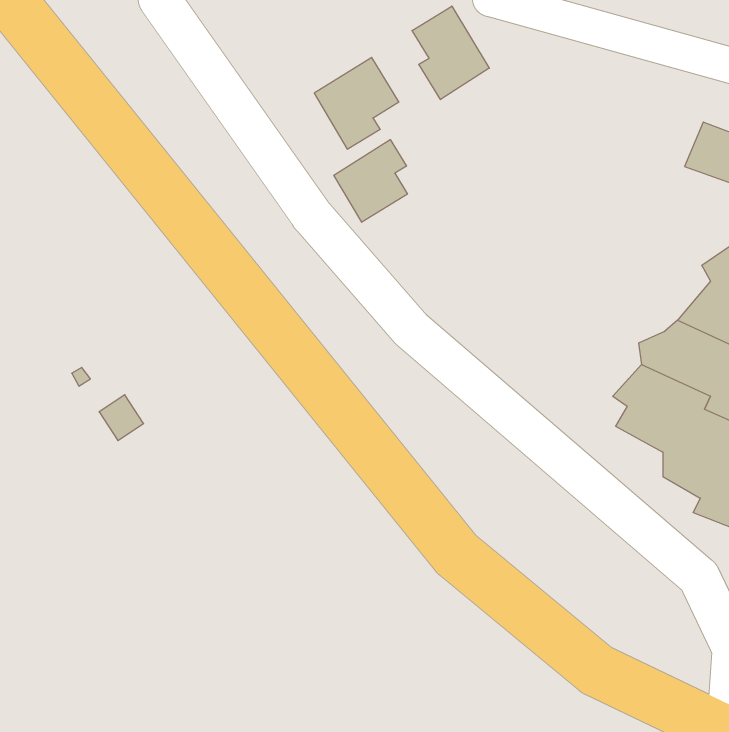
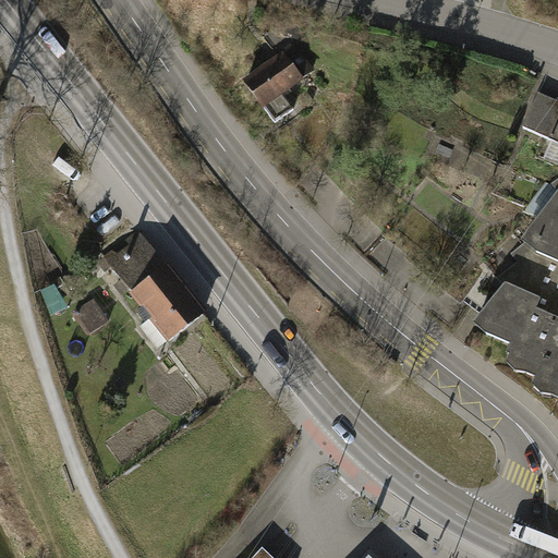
building: [412,6,489,100] -> none
building: [334,140,407,222] -> none
building: none -> [102,232,207,348]

